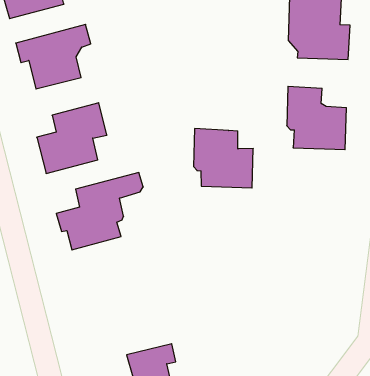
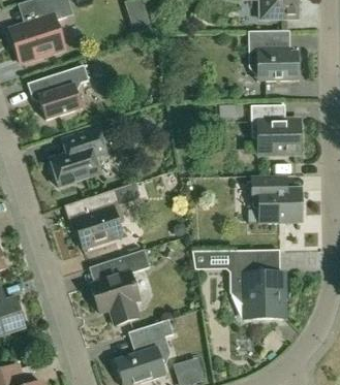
building: [194,129,253,188] -> [251,174,301,221]
building: none -> [90,248,150,324]
building: none -> [230,250,284,318]

